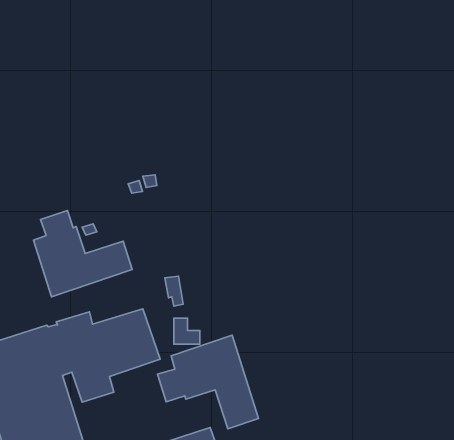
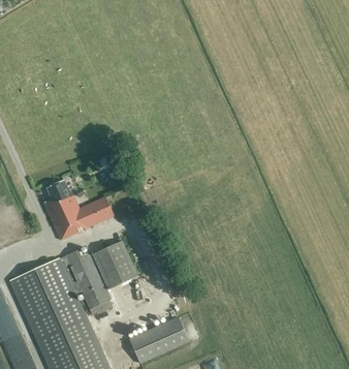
building: [157,335,258,429] -> none

